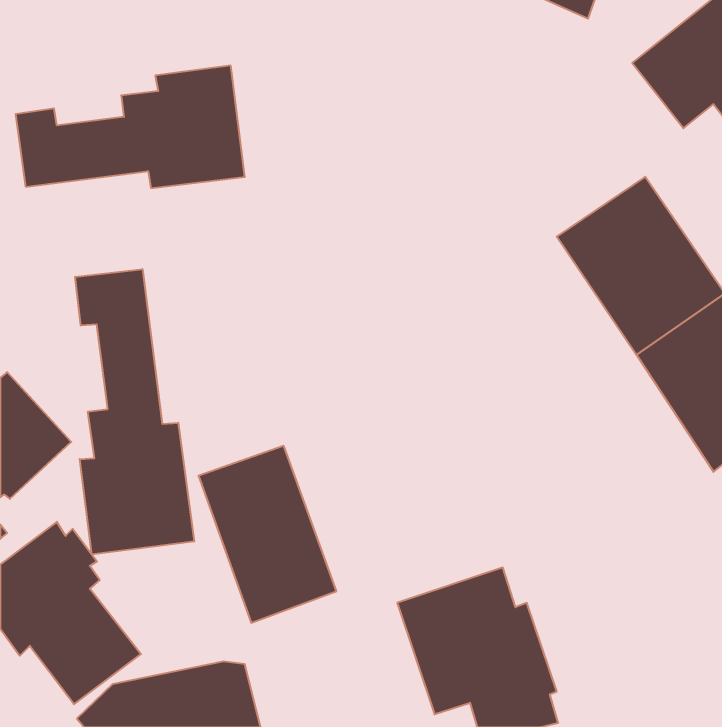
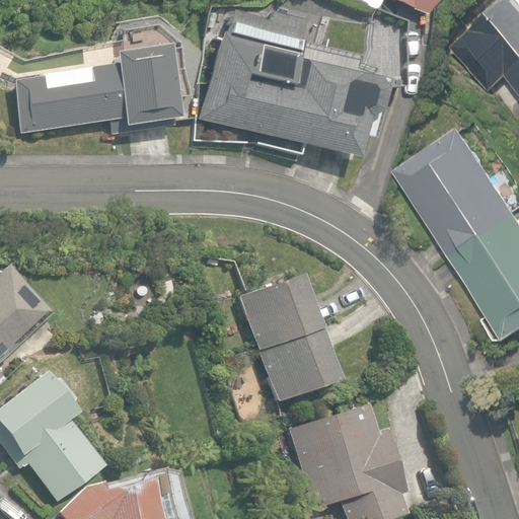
building: none -> [199,12,403,159]
building: [75,269,194,555] -> none
building: [198,446,336,623] -> [238,276,337,401]

